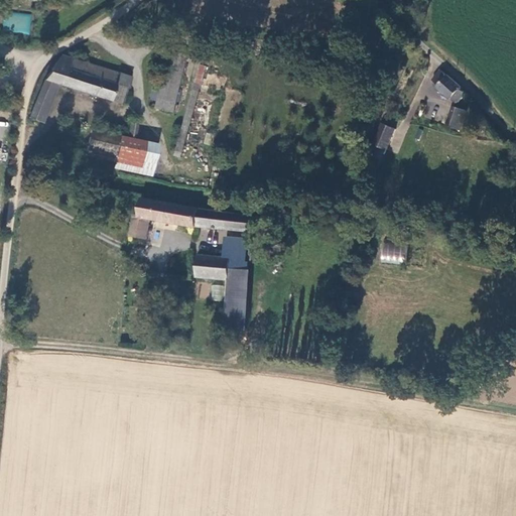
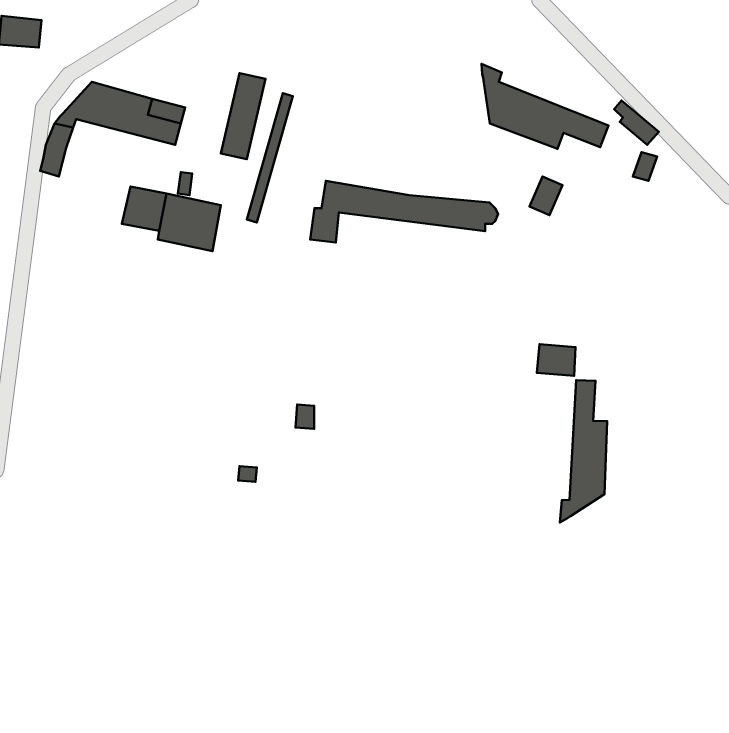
building: none -> [481,64,609,149]
building: [129,199,261,242] -> [310,181,498,243]
building: [194,239,249,329] -> none
building: none -> [560,380,607,522]

